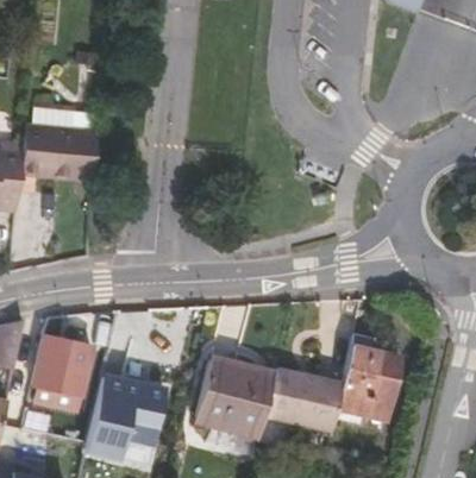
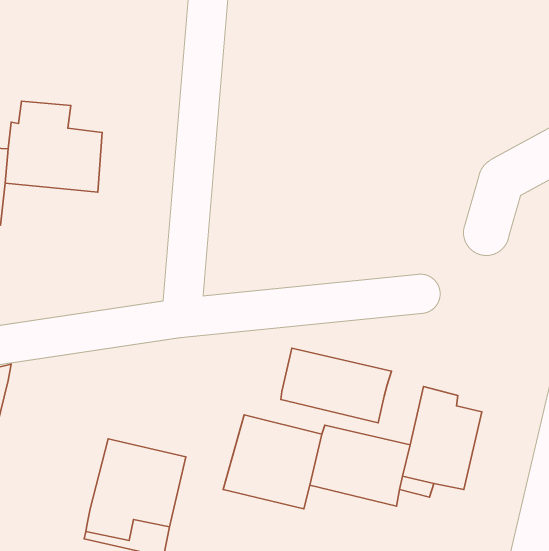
building: none -> [281,348,391,423]
building: [32,335,94,410] -> none

